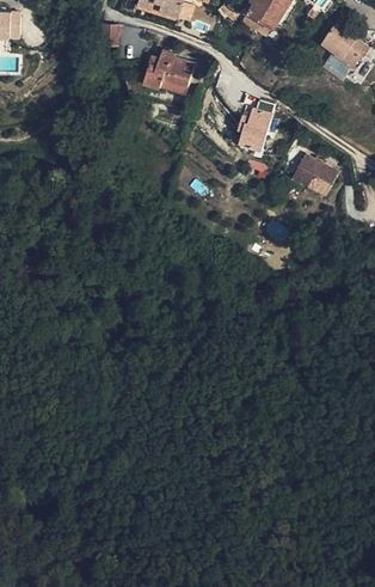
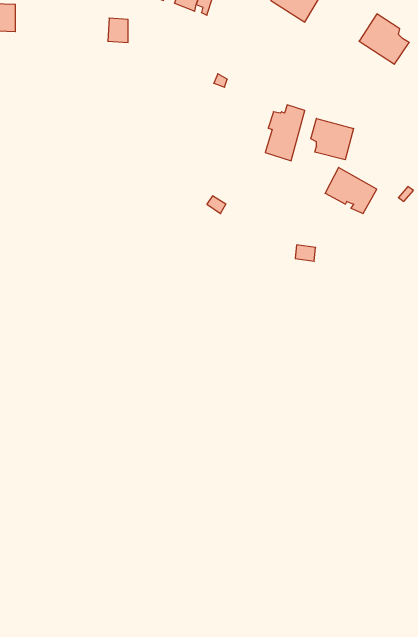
building: [143,50,193,96] -> none
building: none -> [311,118,354,160]

